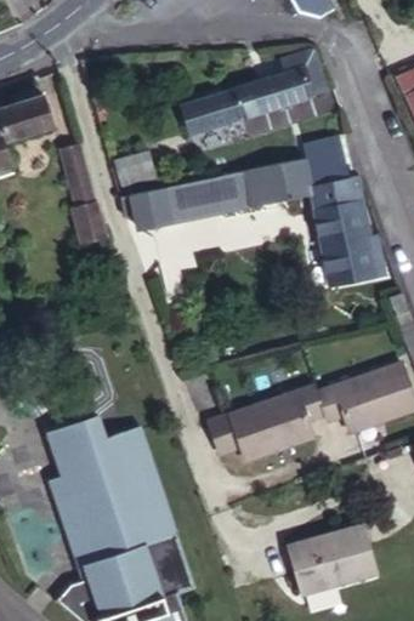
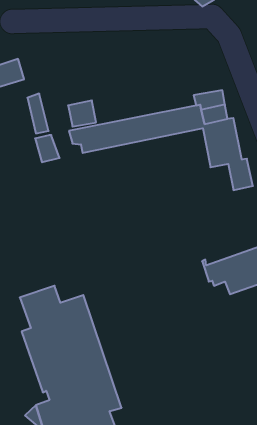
building: [182,52,331,132] -> none
building: [206,384,321,460] -> none
building: [290,514,384,587] -> none

